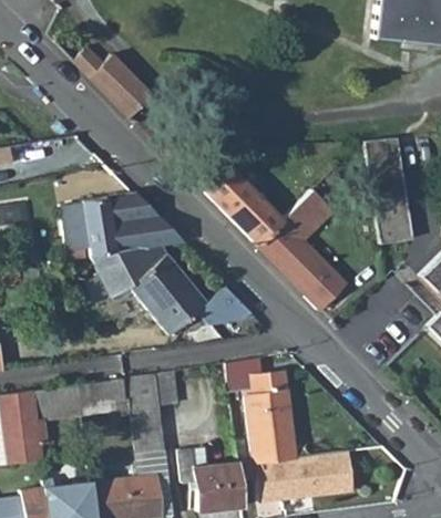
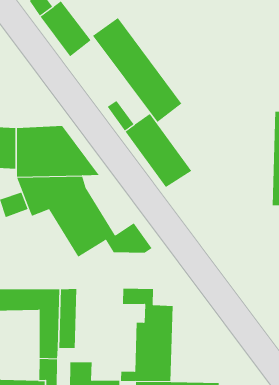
building: none -> [92,17,182,123]
building: [257,191,348,309] -> none

